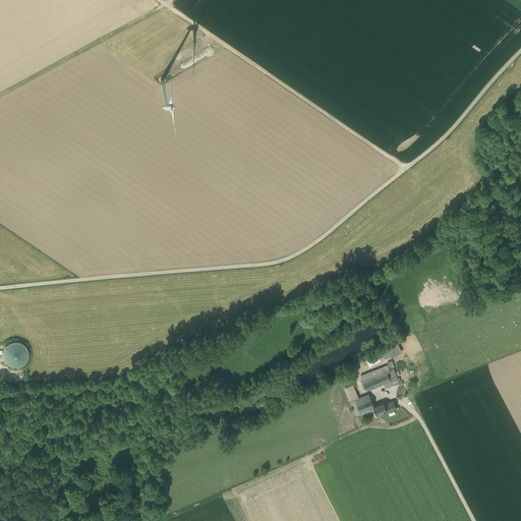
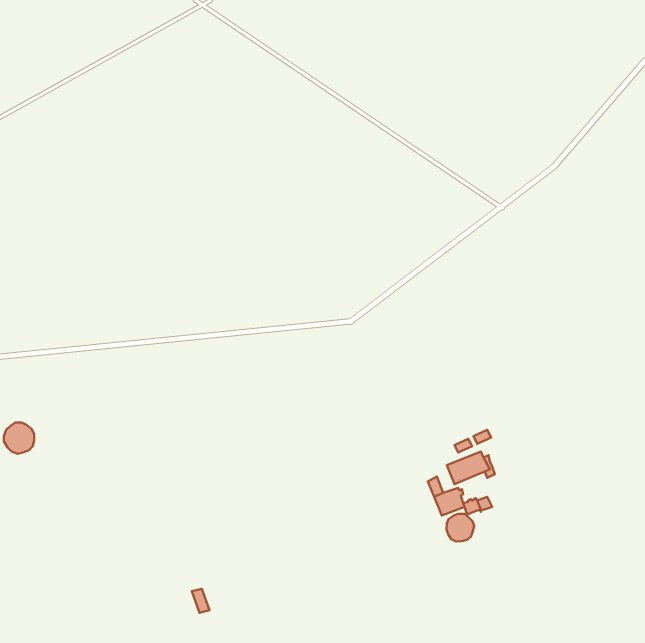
building: none -> [447,514,474,541]

